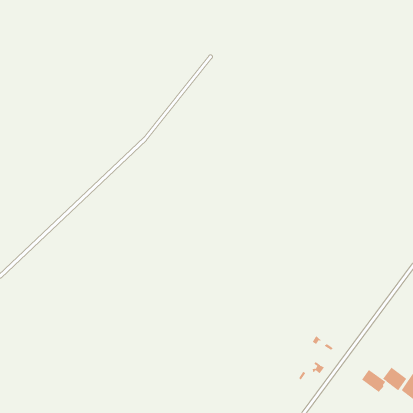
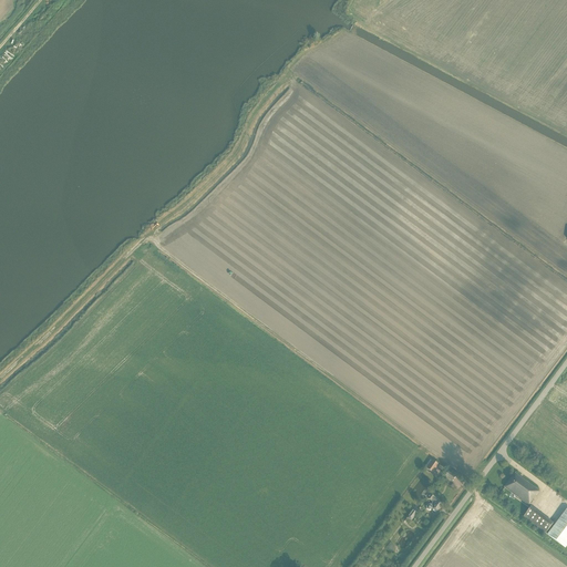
building: [361,369,386,392] -> [506,472,540,504]

